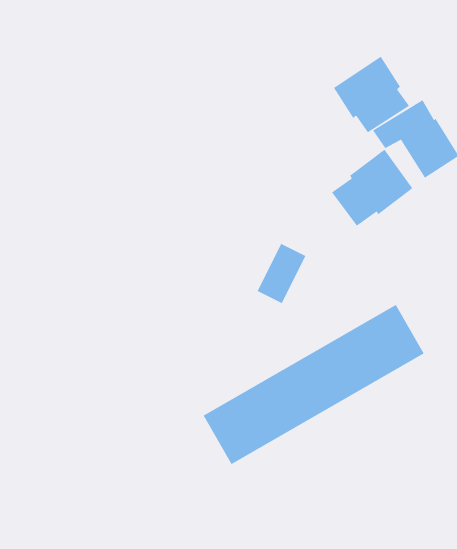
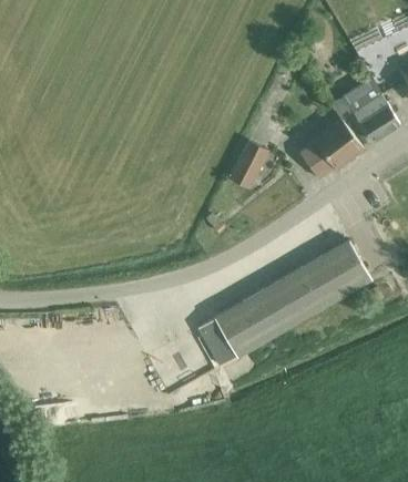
building: [333,56,410,133] -> none
building: [257,243,306,304] -> [228,141,267,188]

